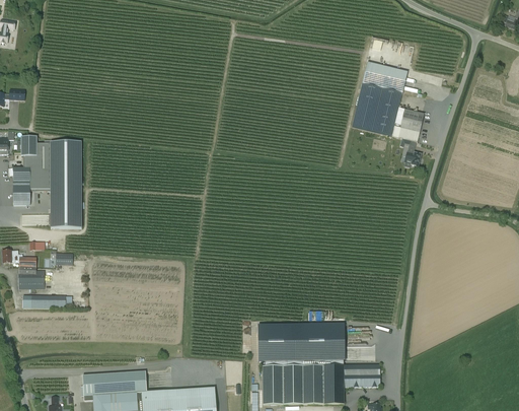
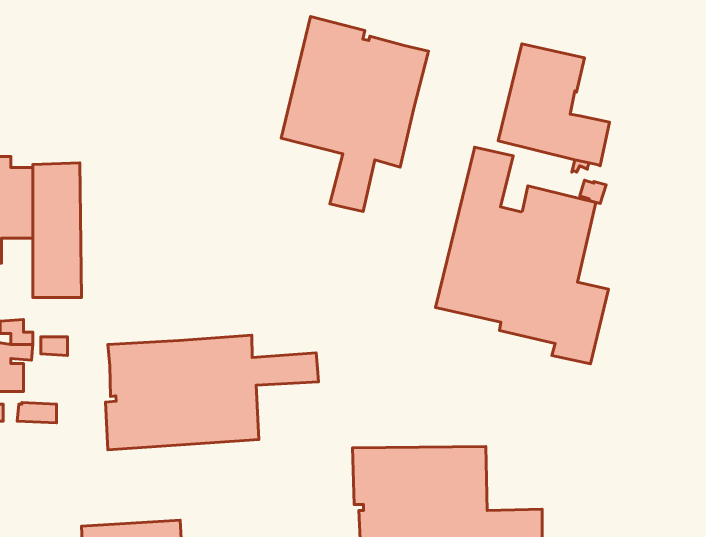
building: none -> [281,17,428,212]
building: none -> [436,147,608,364]
building: none -> [106,335,318,450]

